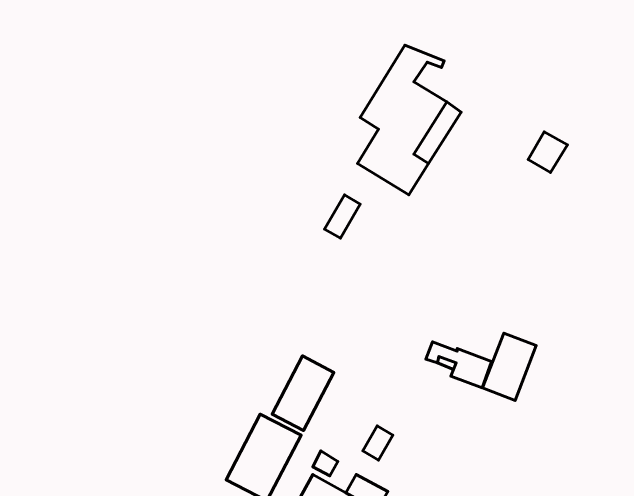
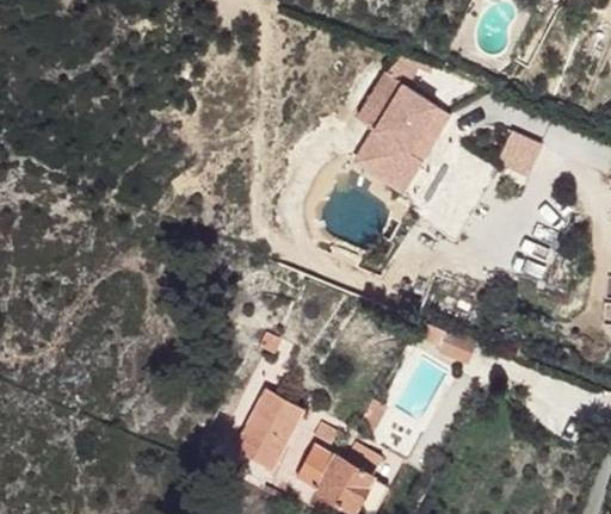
building: [483,333,536,400] -> none
building: [272,356,334,431] -> none

